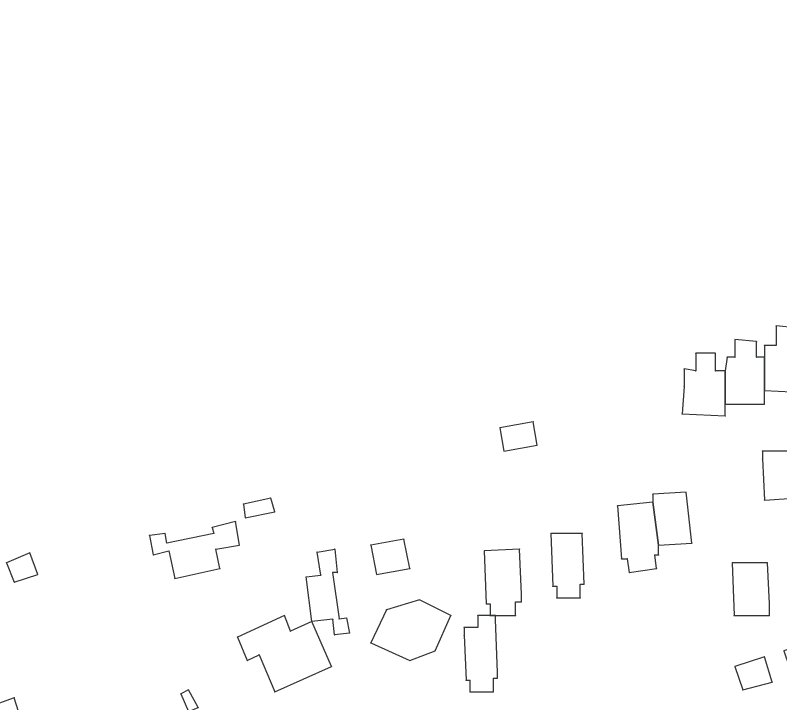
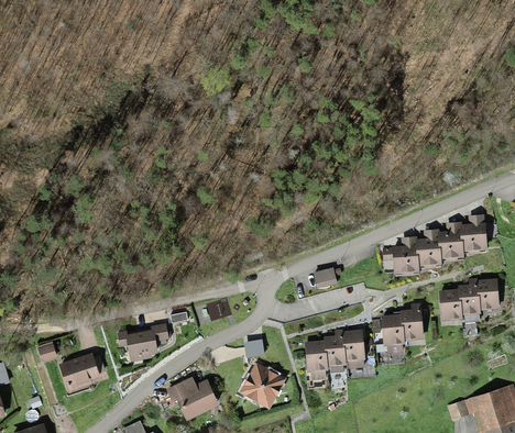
building: none -> [395,236,417,274]
building: [306,549,350,635] -> none
building: [732,563,769,616] -> [441,289,462,319]
building: none -> [59,353,105,388]
building: [464,616,497,692] -> [325,329,343,371]

